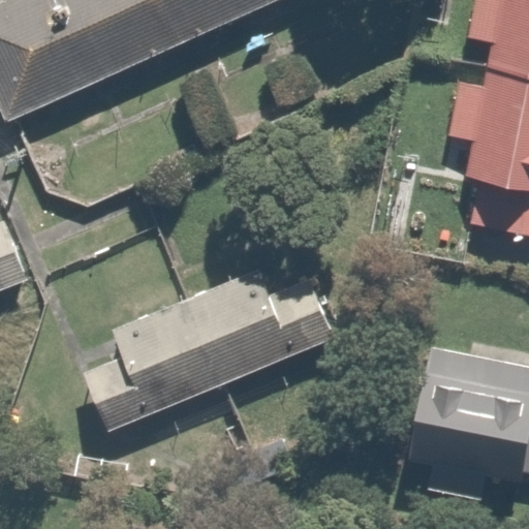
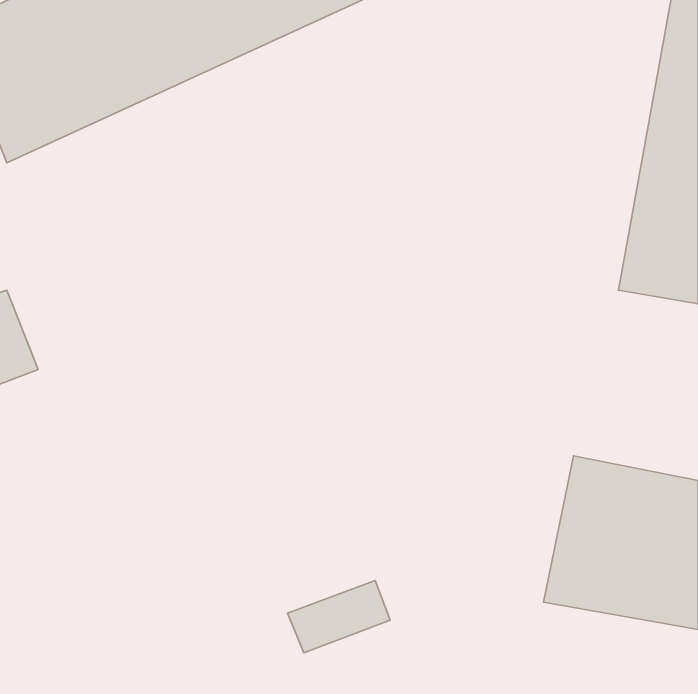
building: [84,270,334,433] -> none

